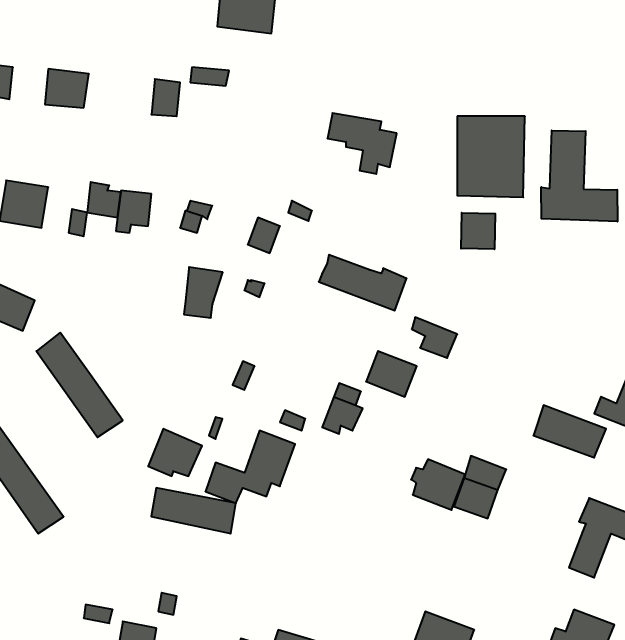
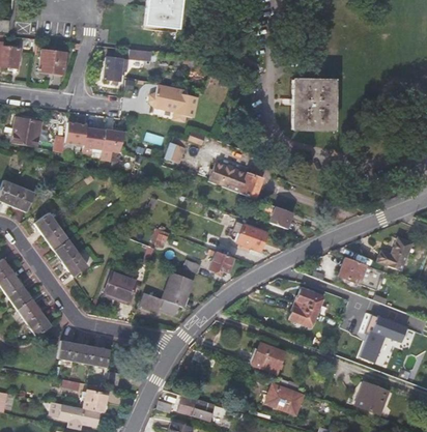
building: [327,113,397,174] -> [154,85,197,122]
building: [541,130,617,222] -> none
building: [461,213,495,249] -> none
building: [184,267,223,318] -> [102,126,125,157]
building: [411,459,465,510] -> [251,343,284,374]
building: [151,488,236,534] -> [58,340,110,368]

